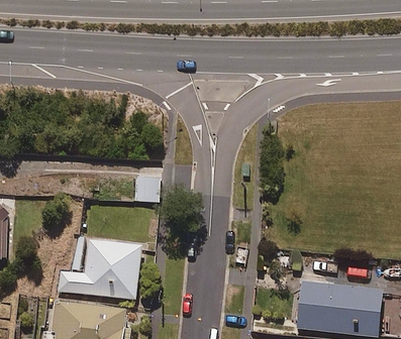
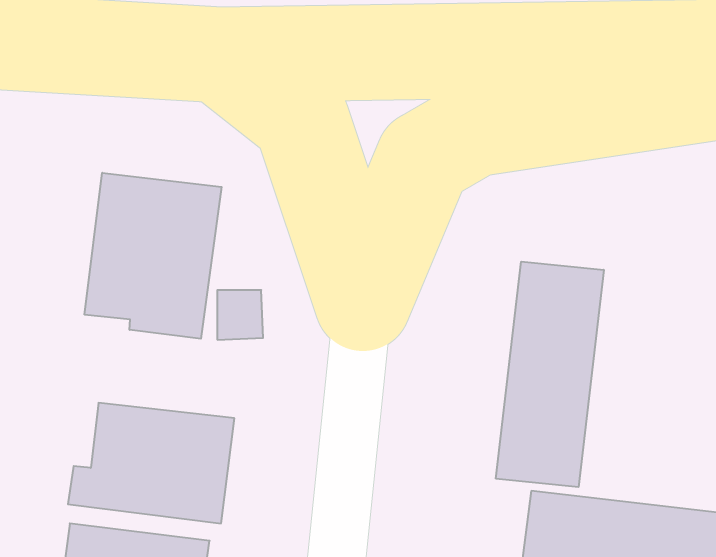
building: none -> [85,173,222,339]
building: none -> [496,262,604,487]

